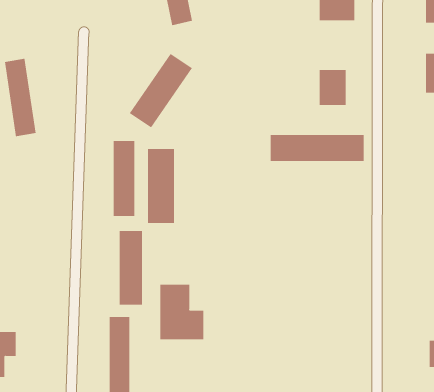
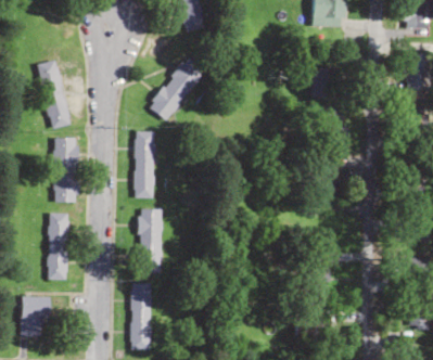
building: [270,134,364,162] -> none
building: [147,149,175,224] -> [55,138,79,203]
building: none -> [50,214,68,280]
building: [160,284,204,340] -> none

